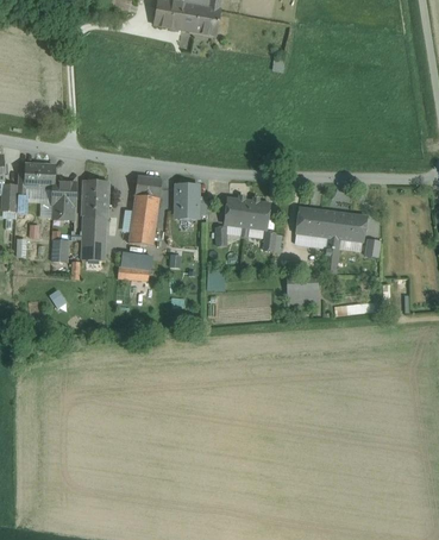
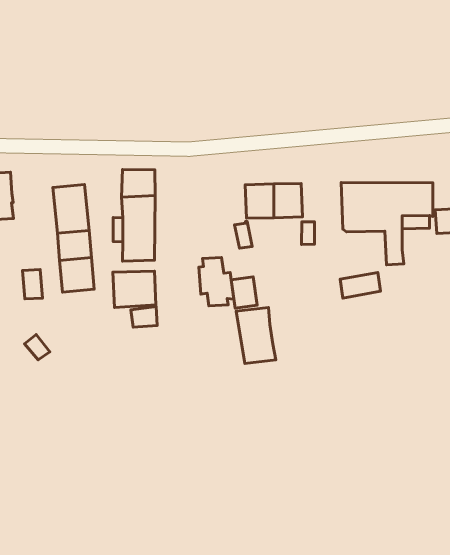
building: [52,181,75,218] -> none
building: [175,182,199,219] -> [199,257,234,306]
building: none -> [236,308,276,364]

